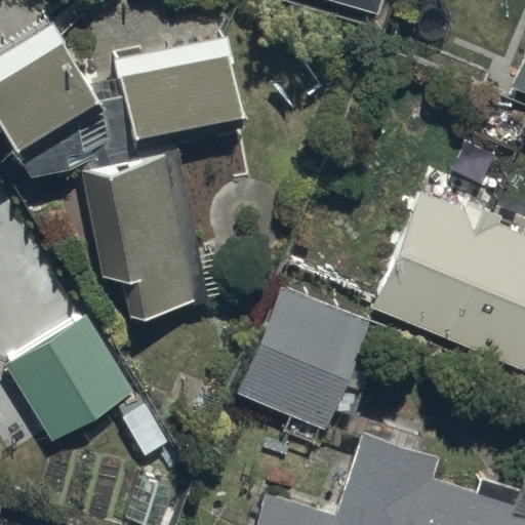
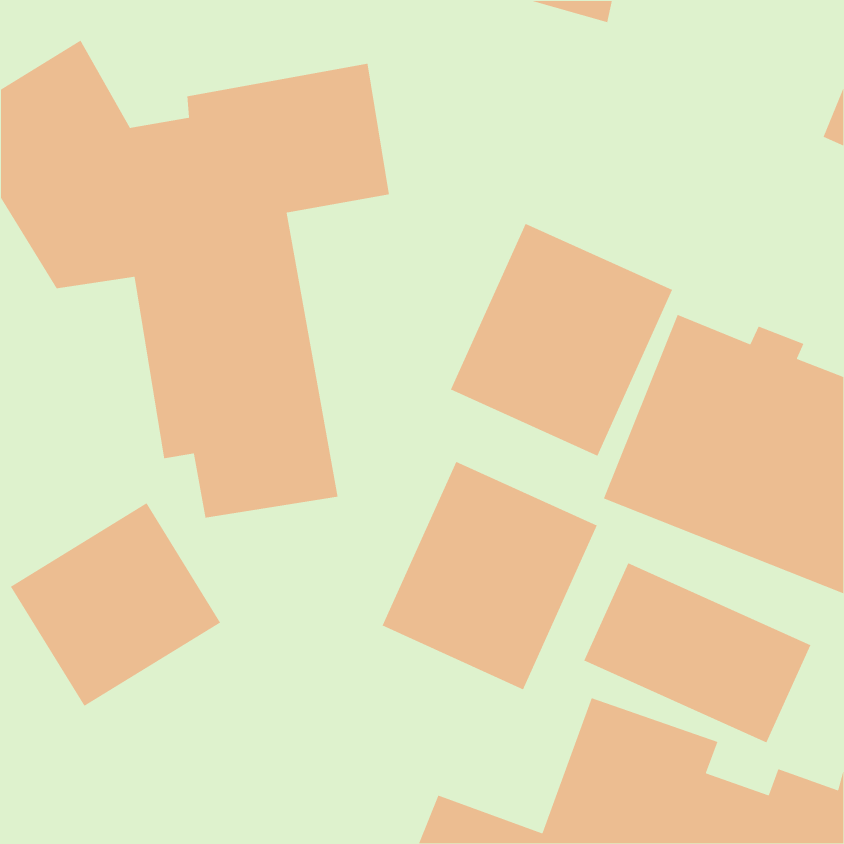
building: none -> [450,223,673,457]
building: none -> [583,562,812,744]

